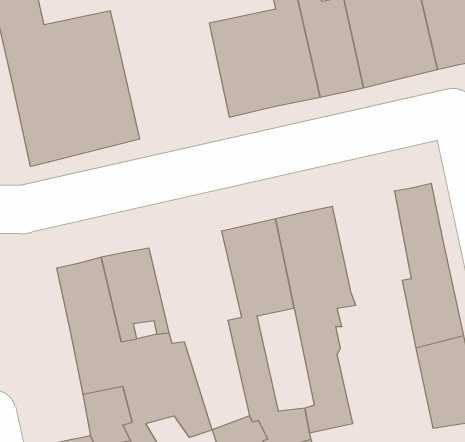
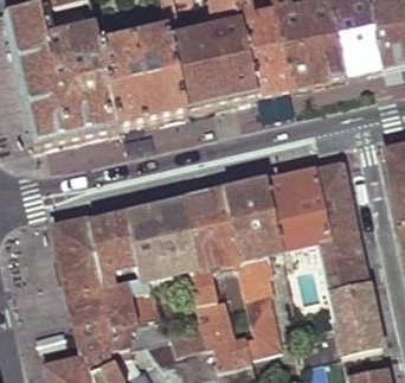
building: none -> [99,31,187,127]
building: none -> [266,167,327,245]
building: none -> [126,198,197,276]

